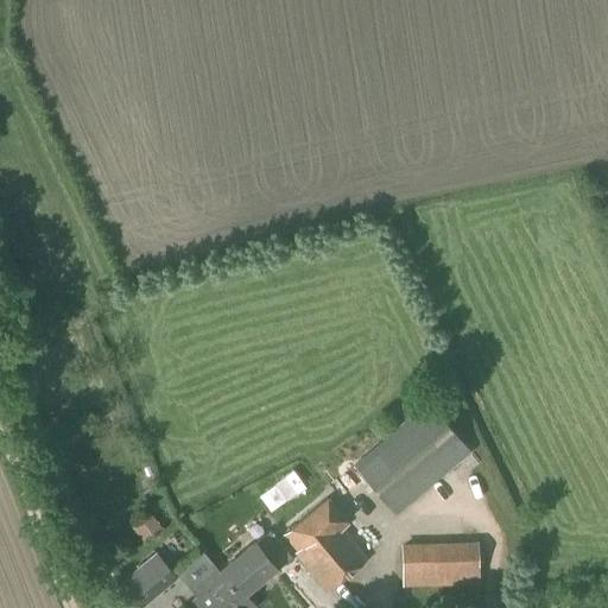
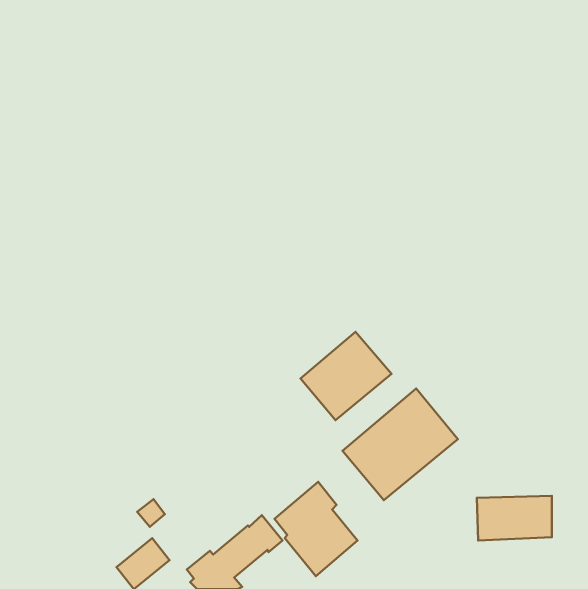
building: none -> [300,332,391,420]
building: [401,542,479,588] -> [477,496,552,541]

